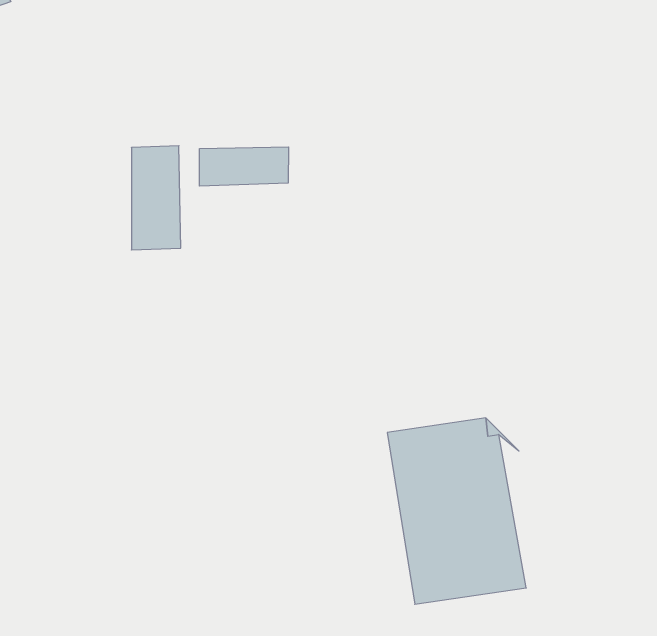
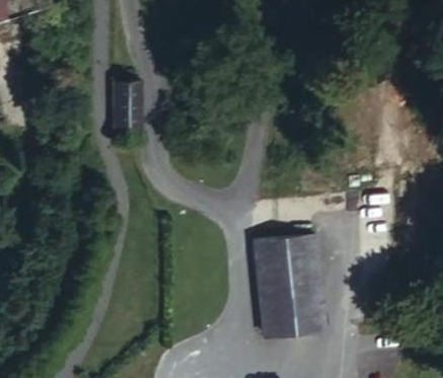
building: [199,147,288,186] -> none

